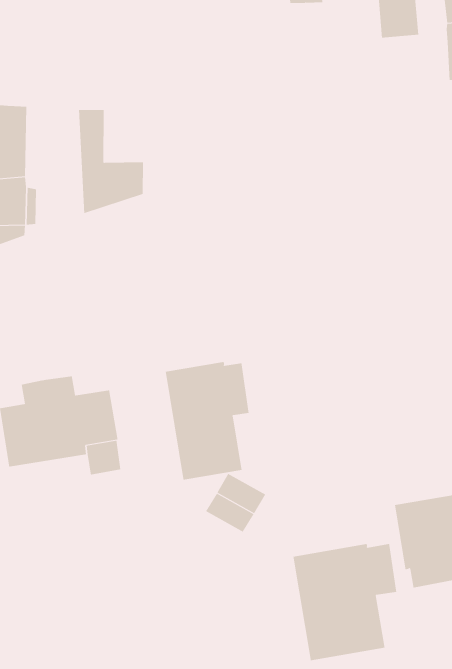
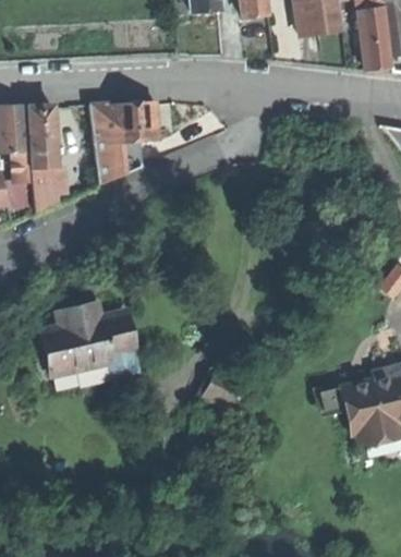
building: none -> [109,102,158,144]
building: [165,361,249,481] -> none
building: [293,543,397,661] -> none

